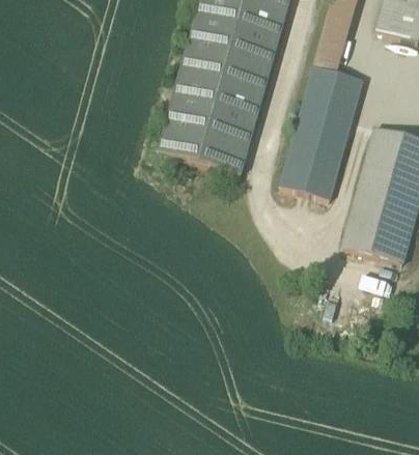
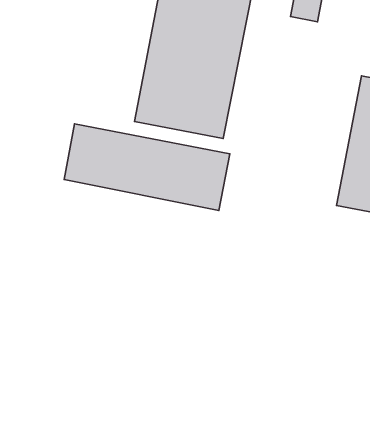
building: [280,63,363,197] -> none
building: none -> [64,124,230,211]

